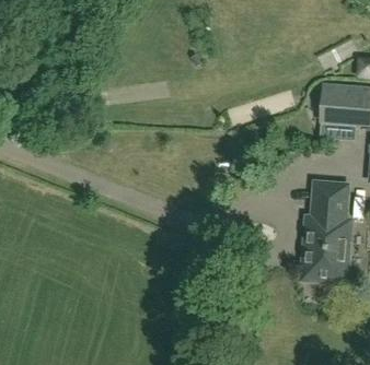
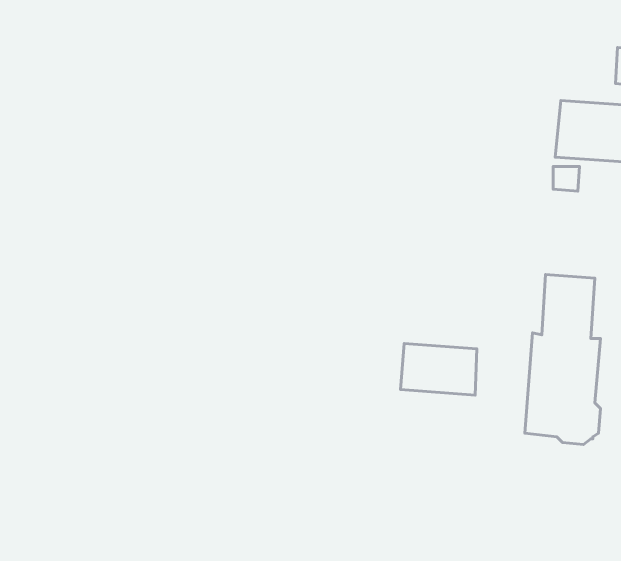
building: none -> [400,344,477,395]

